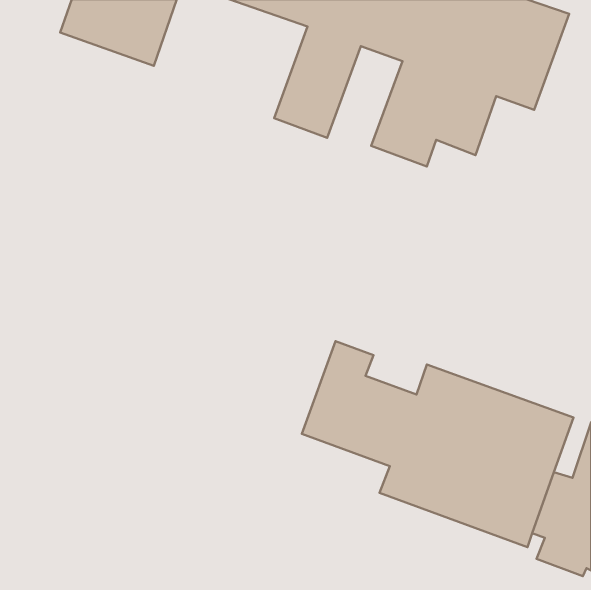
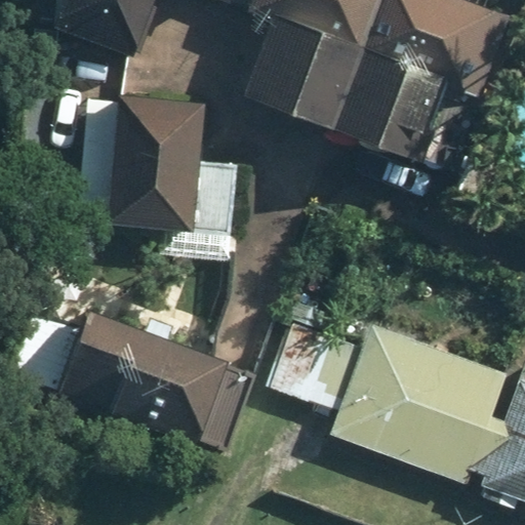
building: none -> [81,90,239,234]
building: none -> [15,310,233,451]

